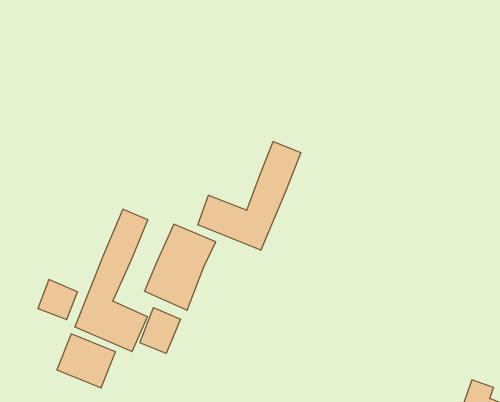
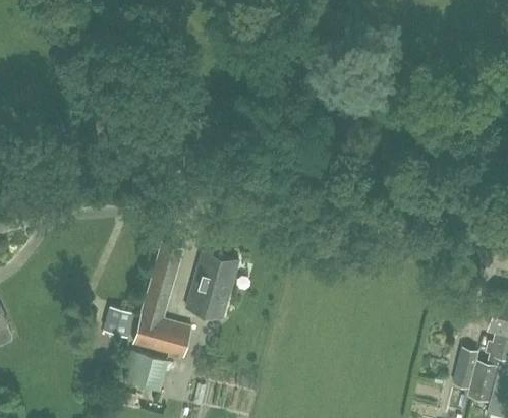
building: [198,141,301,250] -> none
building: [140,308,181,353] -> none

